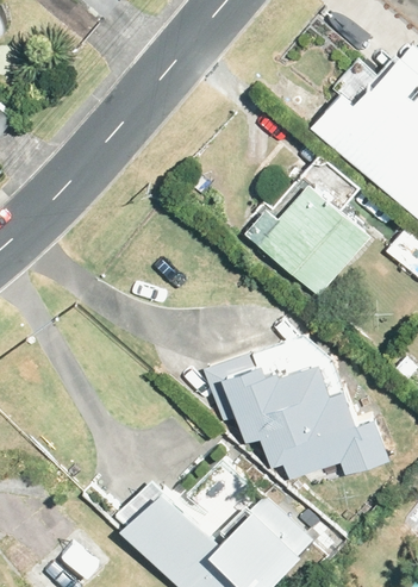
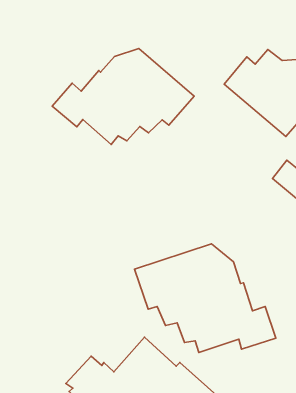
building: none -> [52,49,194,144]
building: [243,187,367,298] -> none

